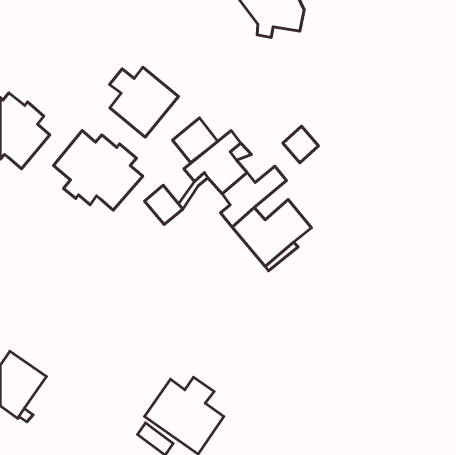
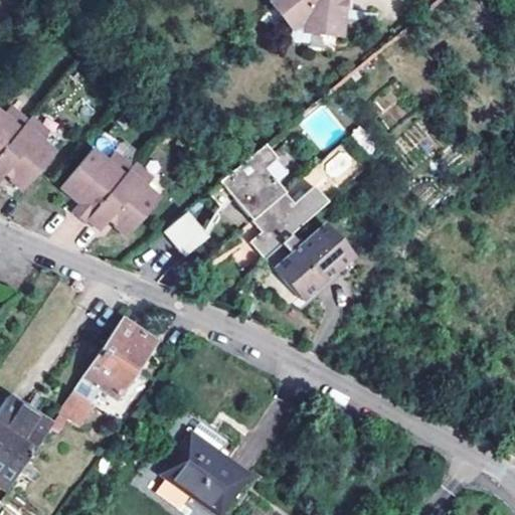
building: [109,67,178,137] -> none
building: [172,118,218,163] -> none
building: none -> [61,319,159,425]

